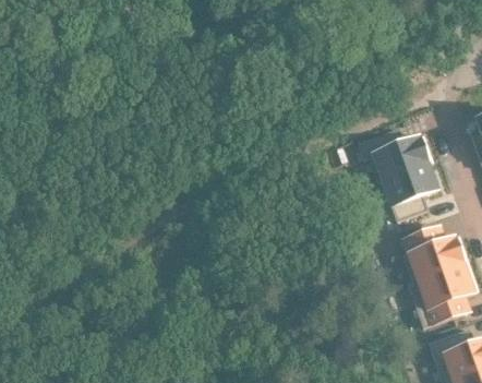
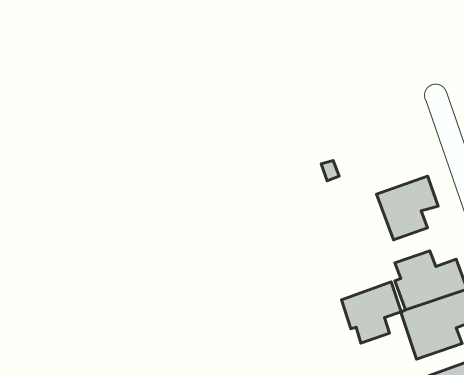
building: [363,130,437,182] -> none
building: none -> [342,282,401,343]

